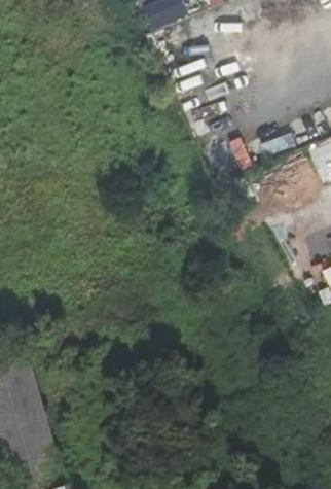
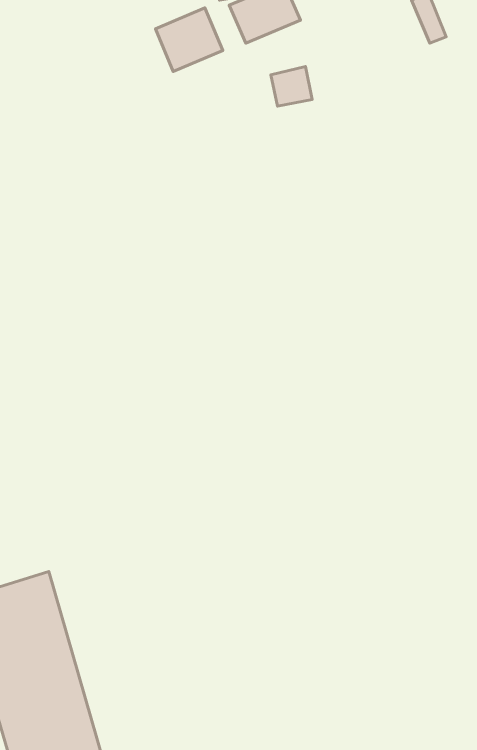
building: none -> [155,8,223,72]

